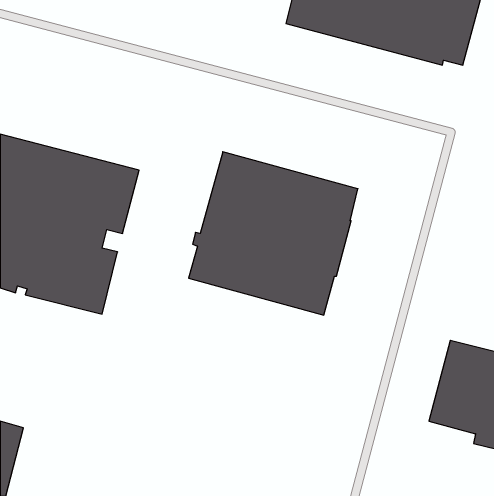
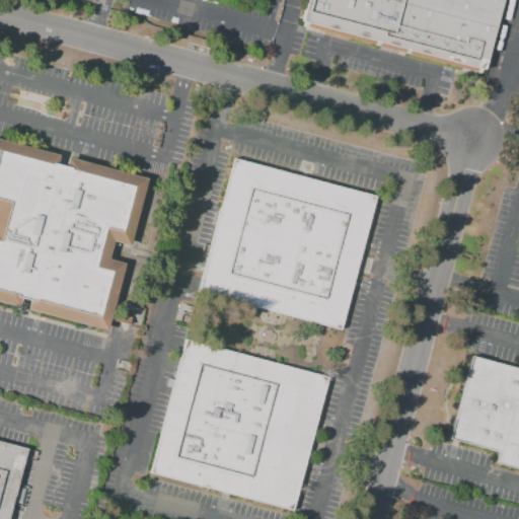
building: none -> [151,340,329,509]

